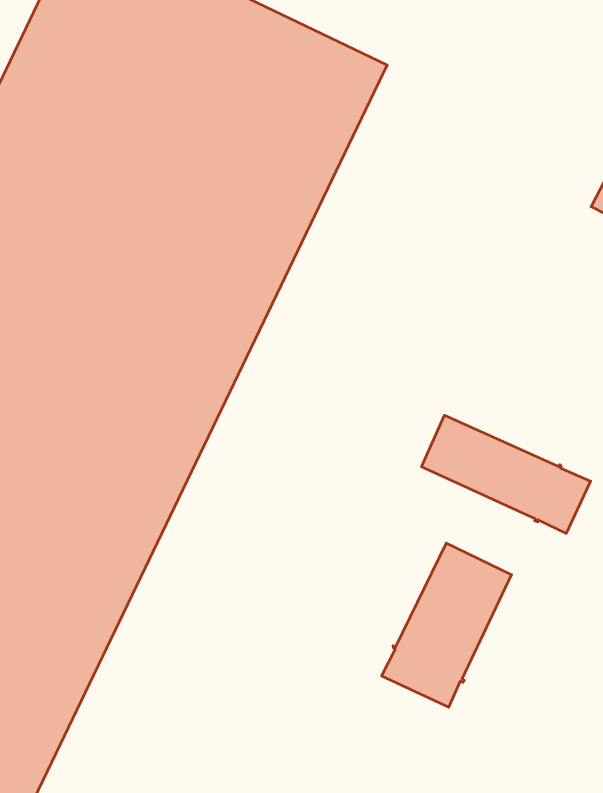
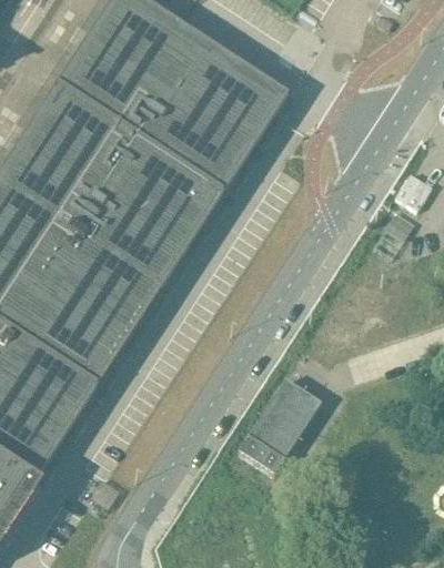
building: [422,415,591,533] -> none

